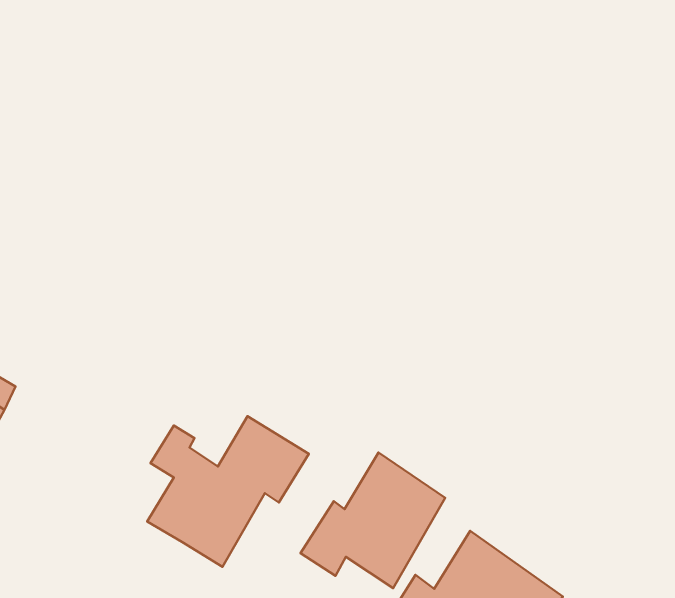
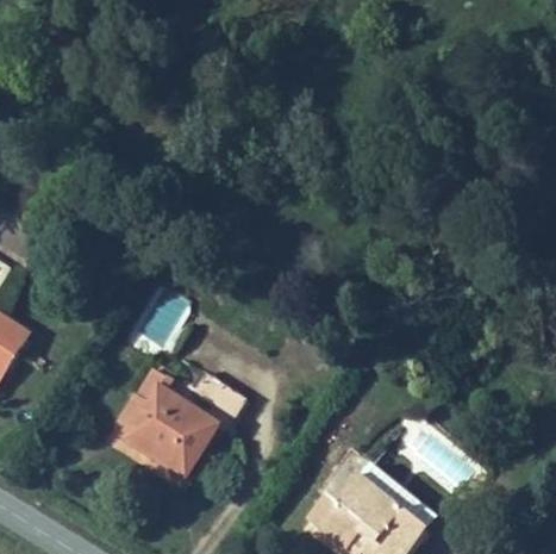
building: [301,452,445,588] -> none

